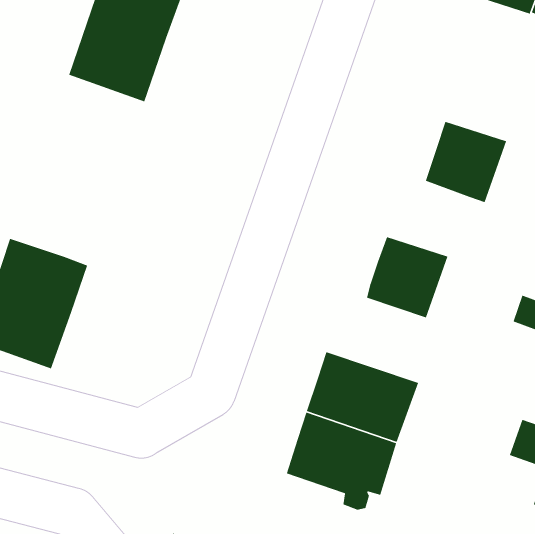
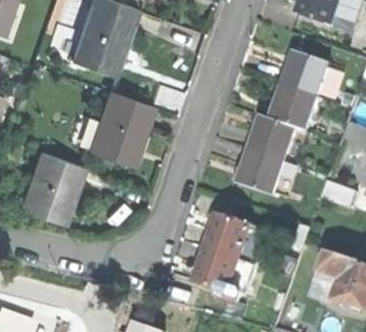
building: none -> [283,54,329,98]
building: none -> [90,93,153,165]
building: none -> [250,117,296,162]

